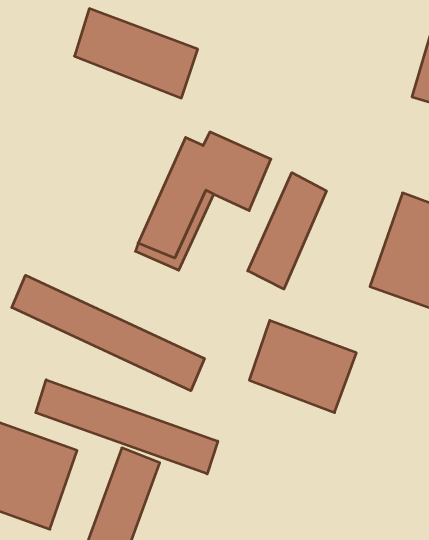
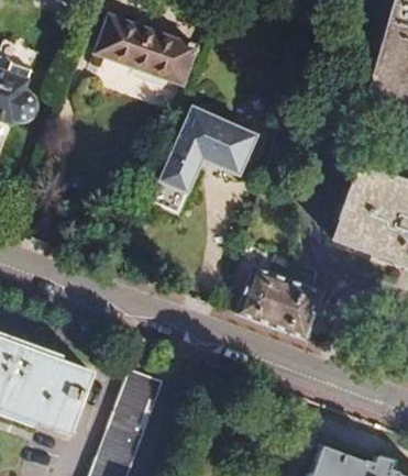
building: [248,173,326,289] -> none
building: [12,275,204,391] -> none
building: [36,380,218,474] -> none

